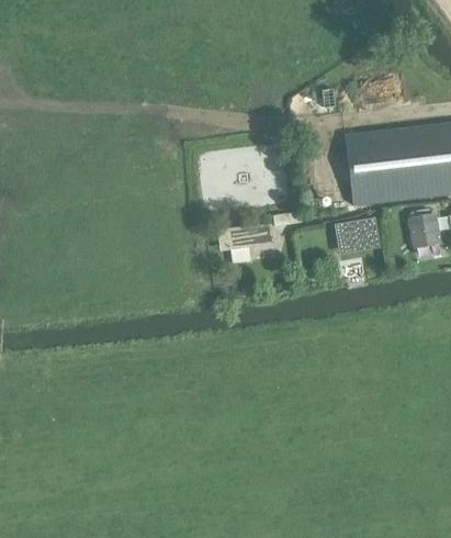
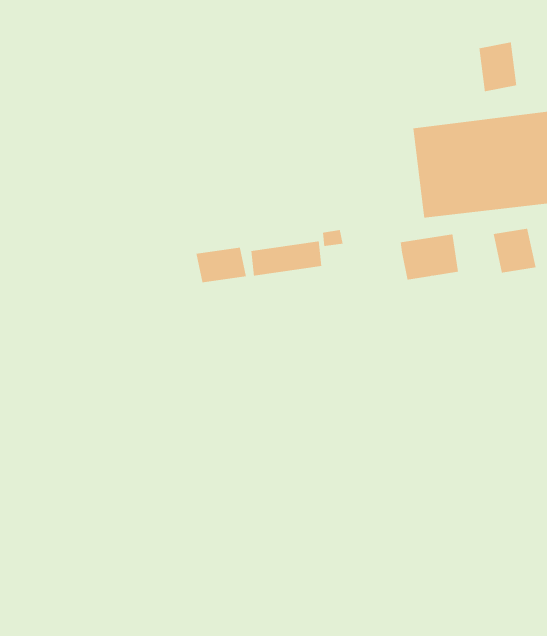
building: none -> [479,42,517,92]
building: none -> [196,247,246,283]

